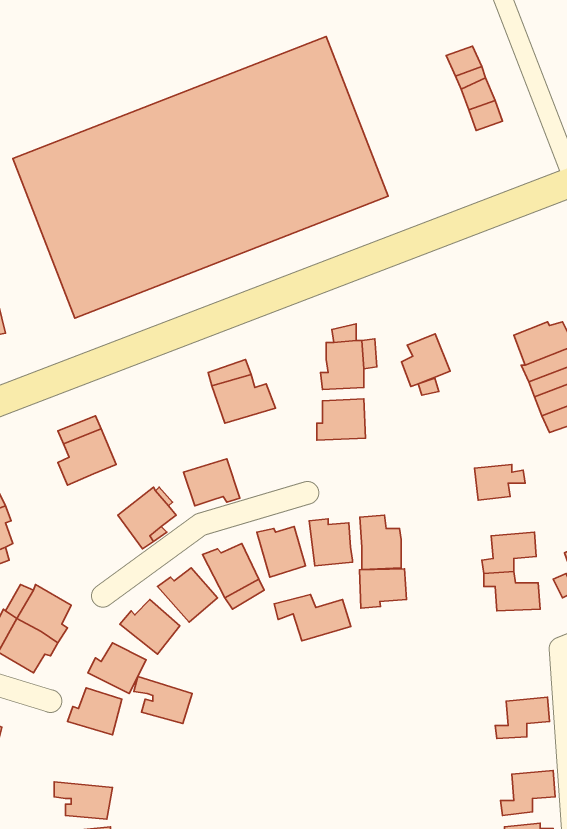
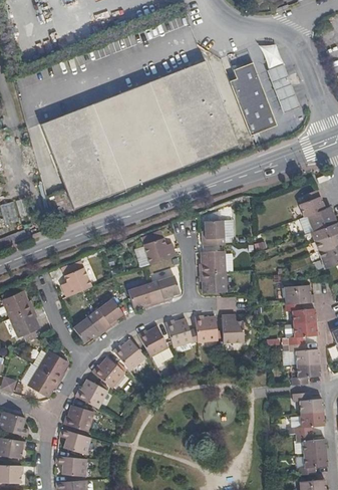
building: none -> [229,58,278,132]
building: [401,334,450,386] -> [297,190,323,218]
building: none -> [200,272,227,293]
building: none -> [151,275,181,304]
building: none -> [286,303,316,324]
building: none -> [74,313,106,343]
building: [360,569,407,608] -> none
building: [274,595,351,641] -> none
building: none -> [292,363,320,384]
building: none -> [293,392,323,413]
building: [134,677,192,724] -> [62,429,93,454]
building: none -> [296,432,326,452]

